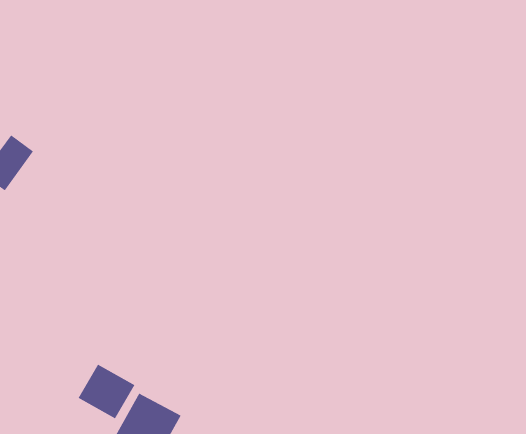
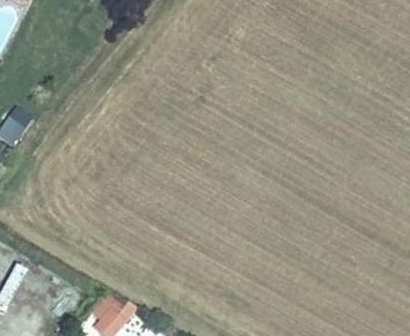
building: [78,364,135,419] -> none

